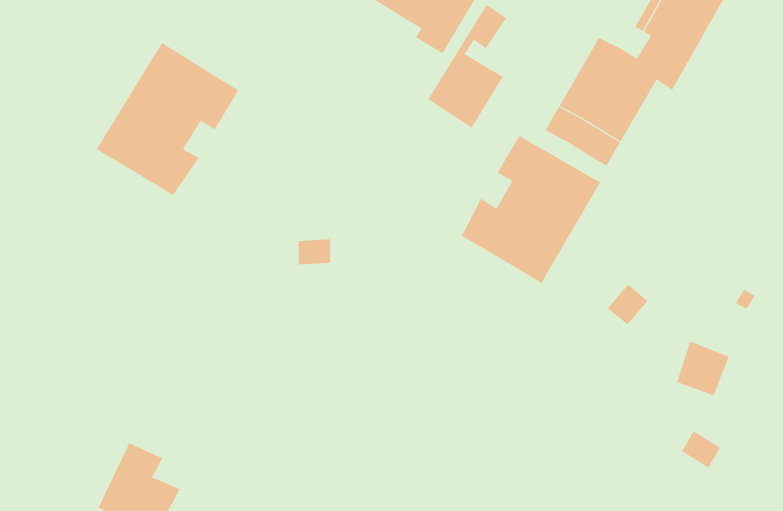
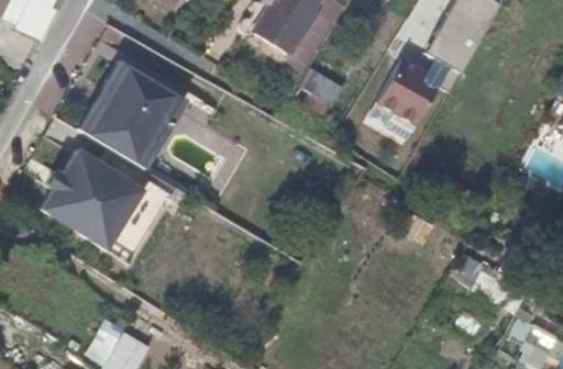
building: [461,135,601,284] -> none
building: none -> [36,142,169,261]

